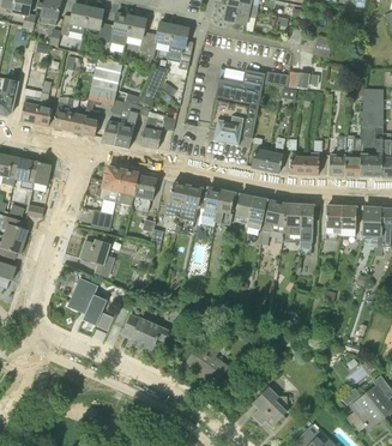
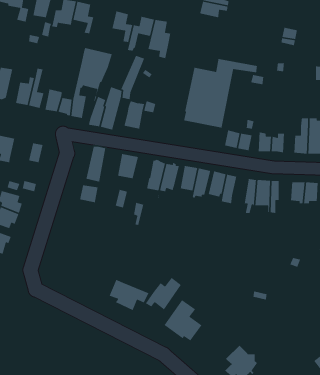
building: [103,12,132,43] -> none
building: [16,157,40,189] -> none
building: [114,168,138,210] -> none
building: [80,239,115,277] -> none
building: [68,277,114,330] -> none
building: none -> [145,277,182,311]

